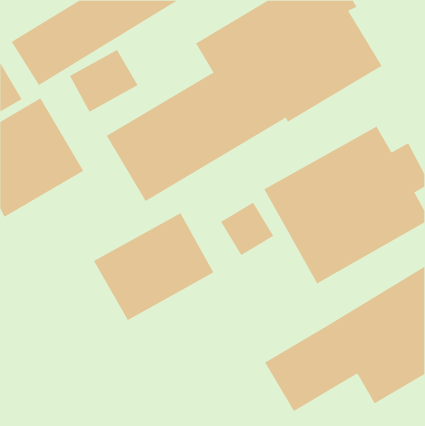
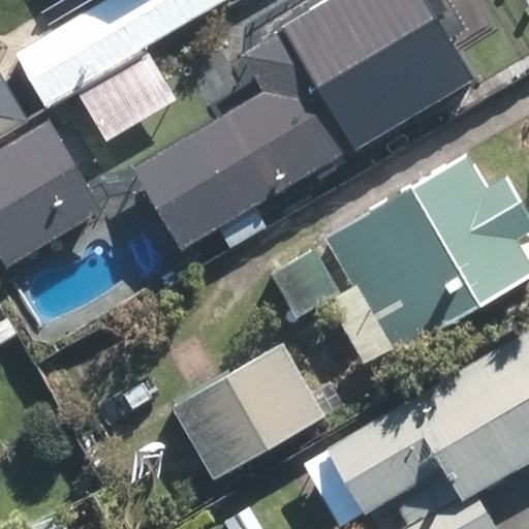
building: [93,213,214,321] -> [173,345,322,479]

